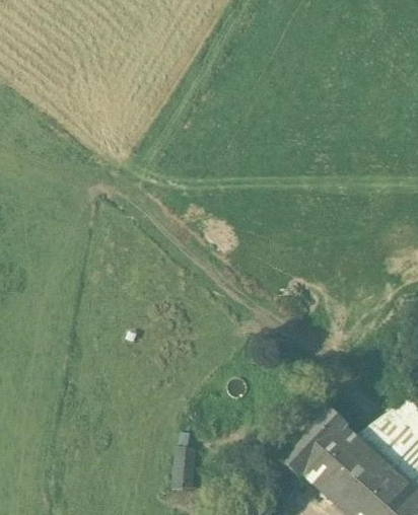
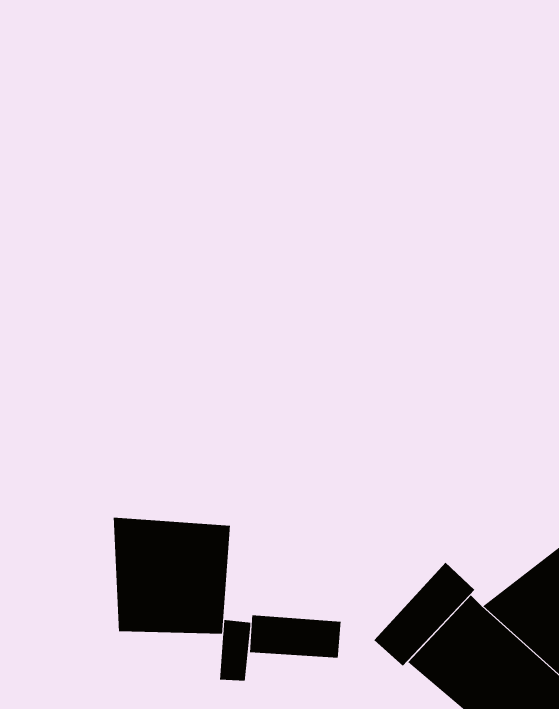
building: none -> [113,517,230,634]
building: none -> [250,615,341,658]

